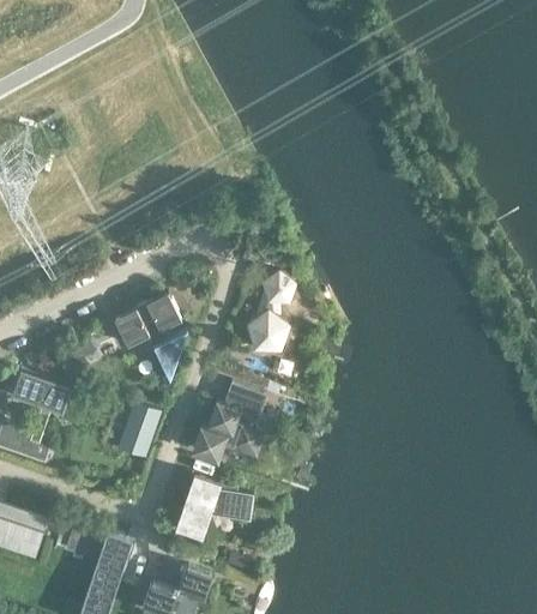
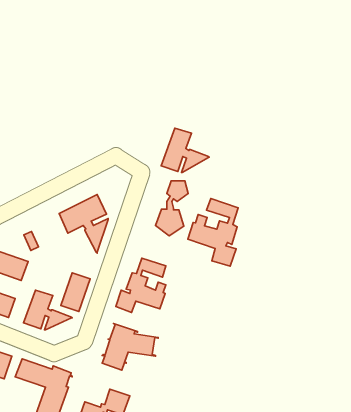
building: none -> [161,128,209,173]
building: none -> [188,198,238,266]
building: none -> [23,290,72,330]

